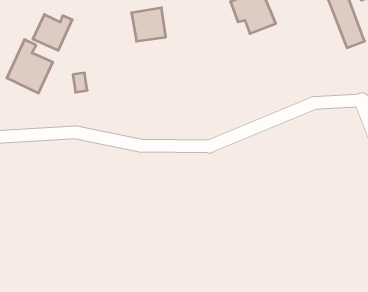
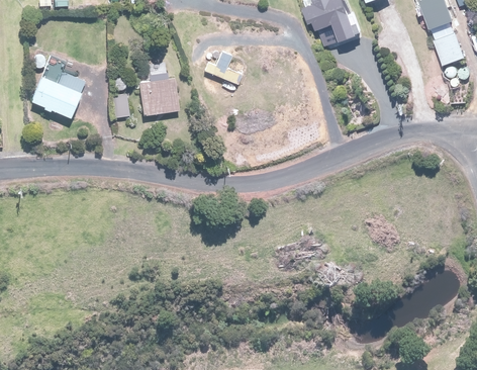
building: [131,8,166,41] -> [138,75,180,115]
building: [33,14,72,50] -> none

